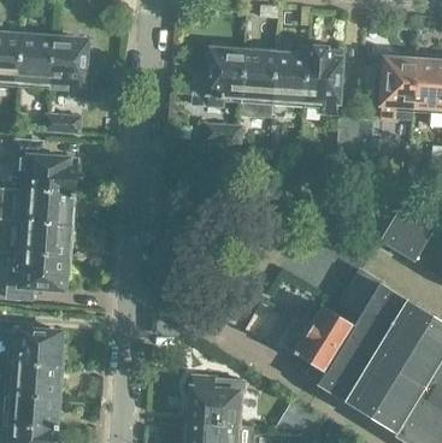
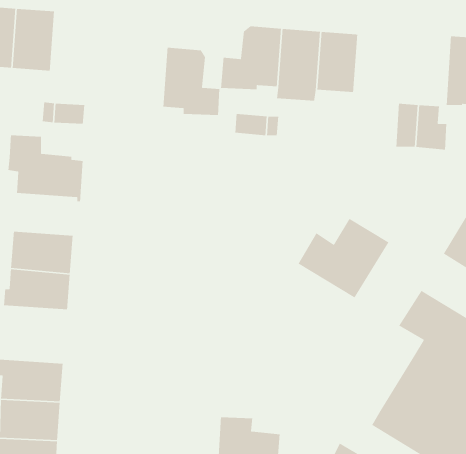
building: [51,37,99,95] -> [163,47,220,116]
building: [305,47,342,112] -> none
building: [19,190,72,225] -> none
building: [278,305,355,372] -> [297,218,389,298]

